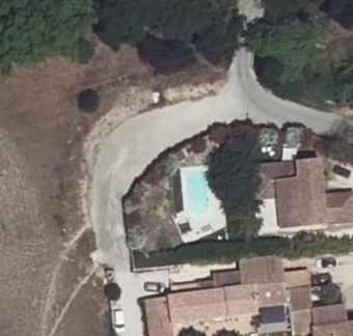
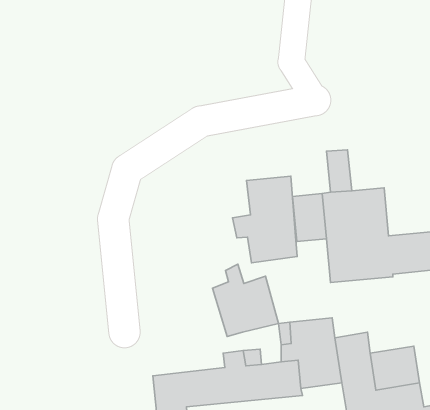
building: none -> [232,176,297,263]
building: none -> [213,264,278,336]

